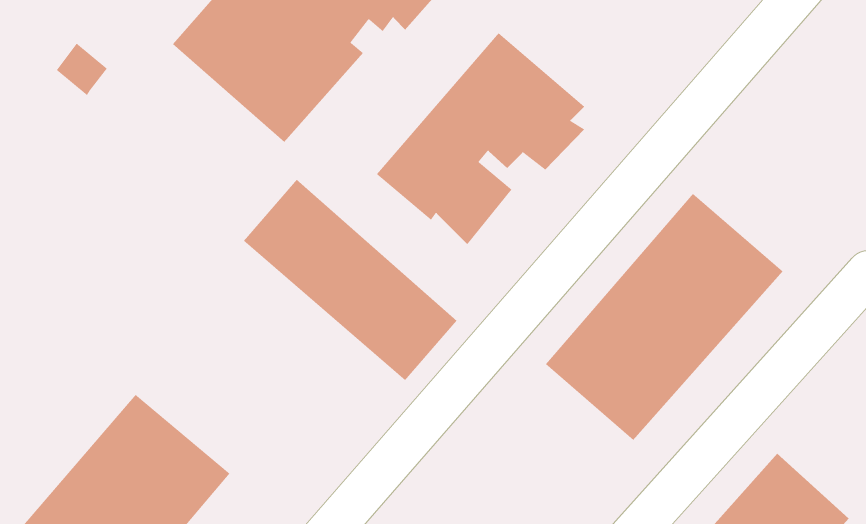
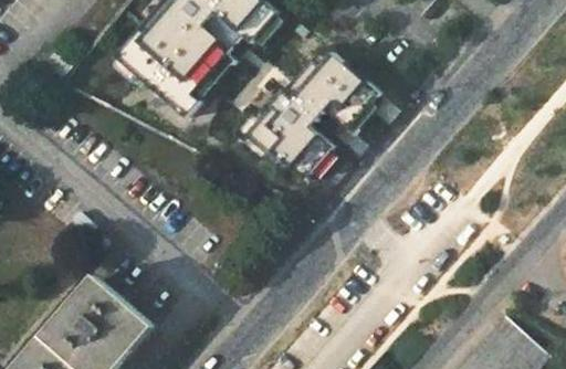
building: [243,179,458,381] -> none
building: [545,193,783,441] -> none

